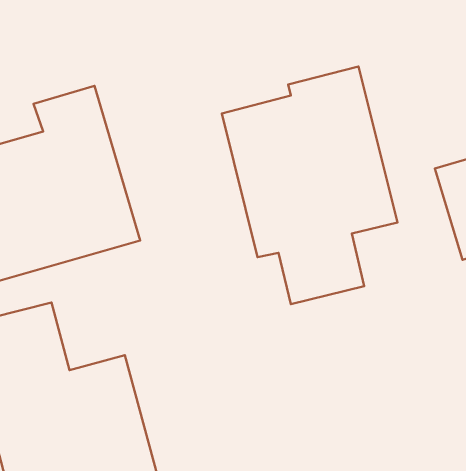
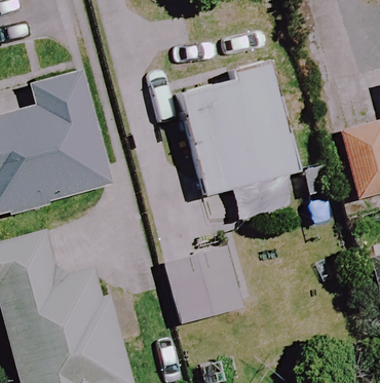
building: none -> [165,251,248,325]

